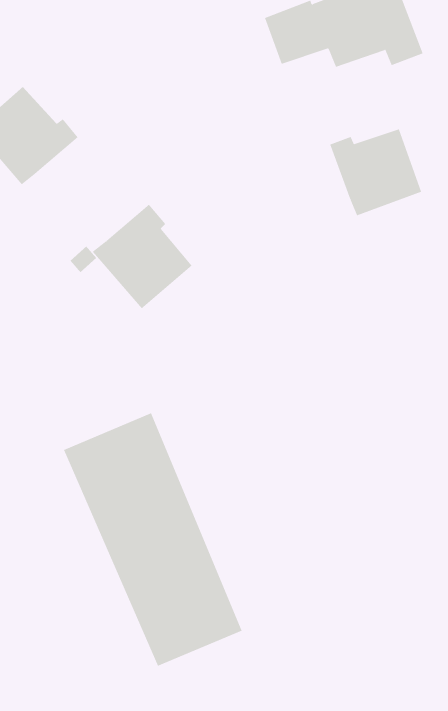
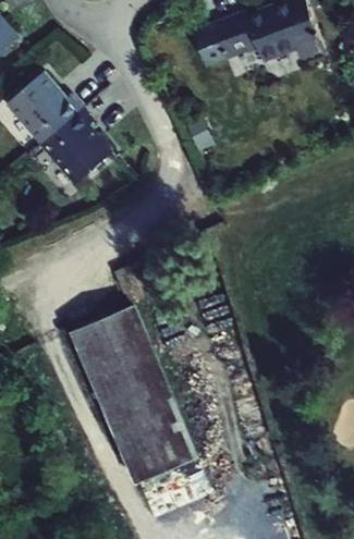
building: [330,129,422,216] -> none
building: [92,204,193,309] -> [39,110,110,184]

